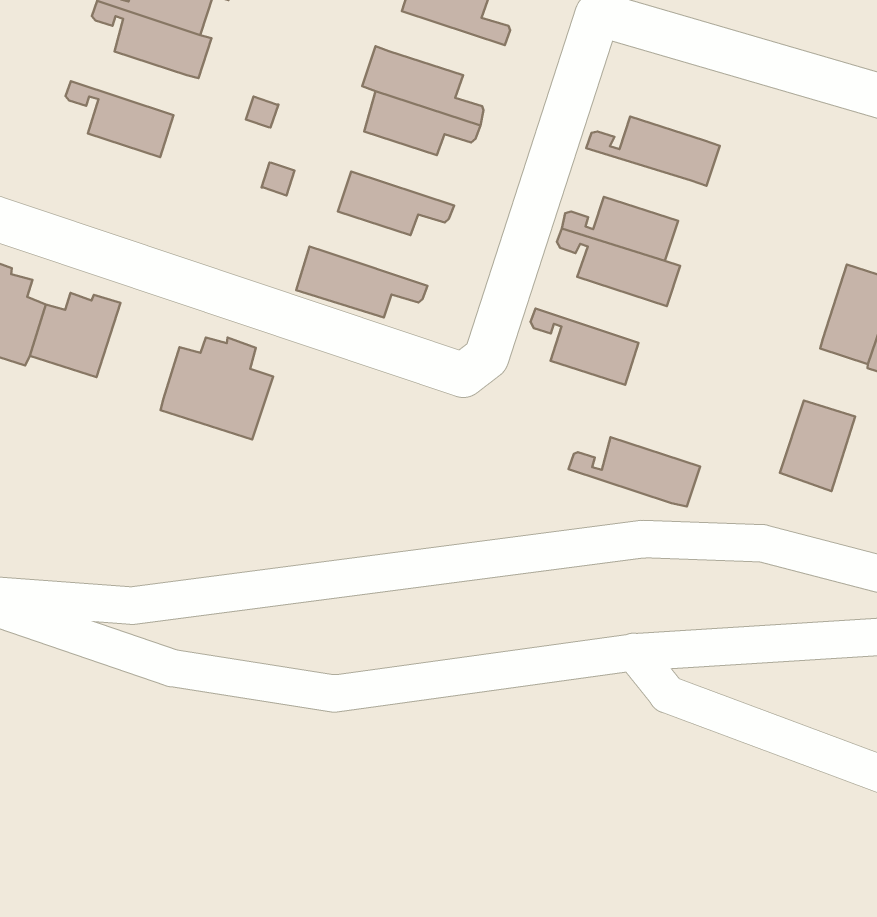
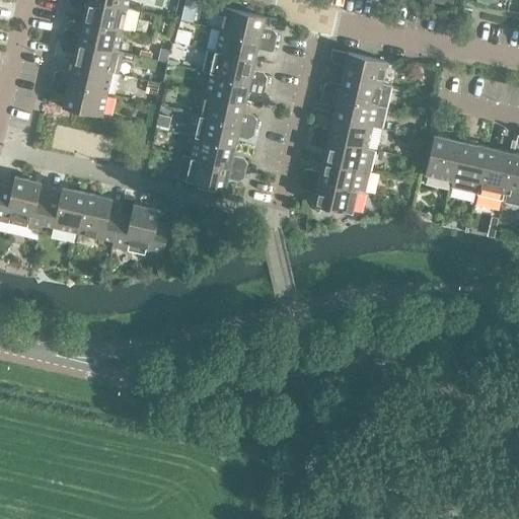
building: none -> [215,30,275,61]
building: none -> [52,64,112,94]
building: none -> [330,50,387,84]
building: none -> [201,94,257,129]
building: none -> [320,93,385,129]
building: none -> [191,137,247,171]
building: none -> [78,194,120,241]
building: [780,401,855,491] -> [425,136,461,181]
building: [569,437,700,507] -> [302,160,370,193]

